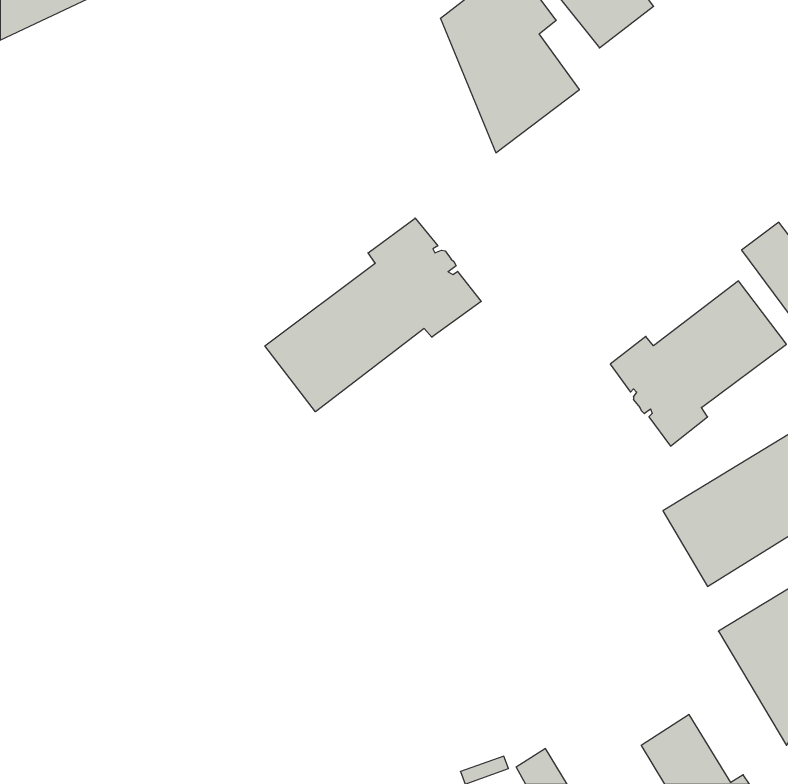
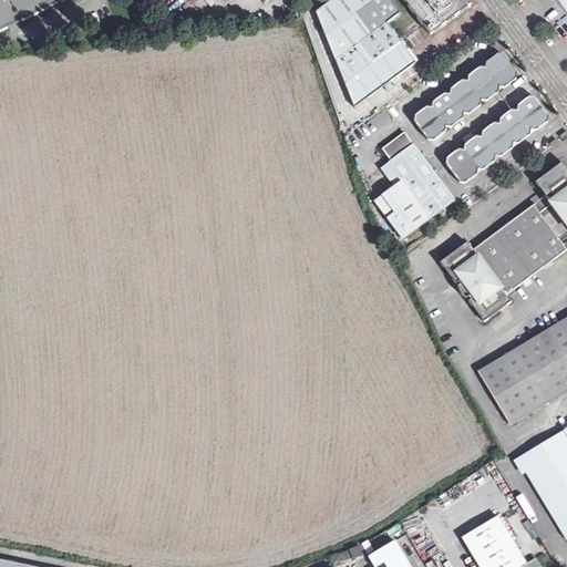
building: none -> [413,54,517,141]
building: none -> [444,97,548,184]
building: none -> [380,132,454,239]
building: [265,218,481,412] -> none

